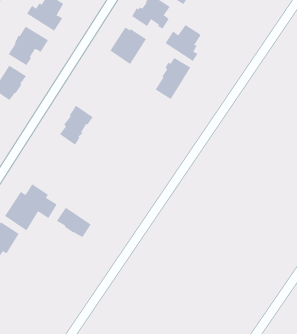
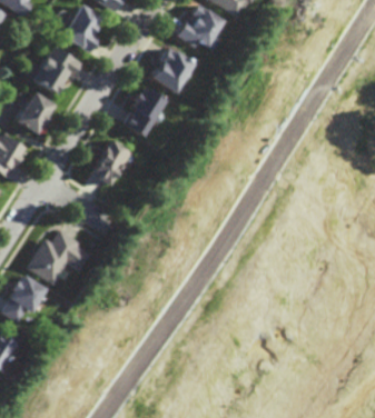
building: [165,24,202,62] -> none
building: [155,57,191,100] -> [125,86,167,136]
building: [56,207,92,238] -> none

